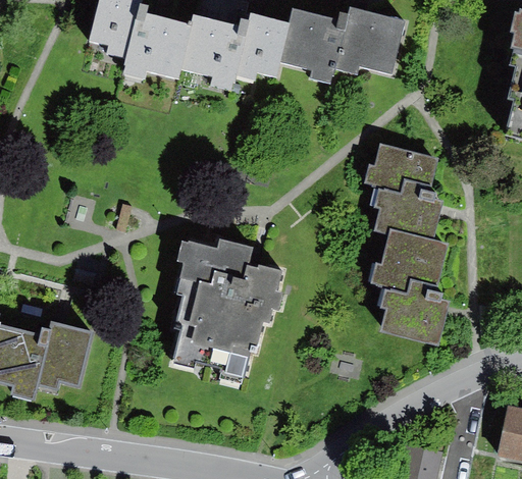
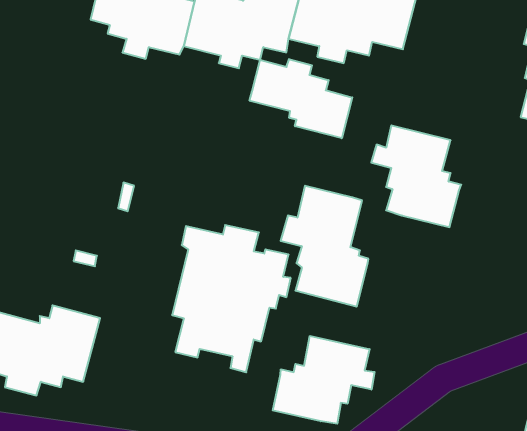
building: none -> [250,59,352,138]
building: [366,231,451,348] -> [281,186,368,307]
building: none -> [273,336,375,424]

